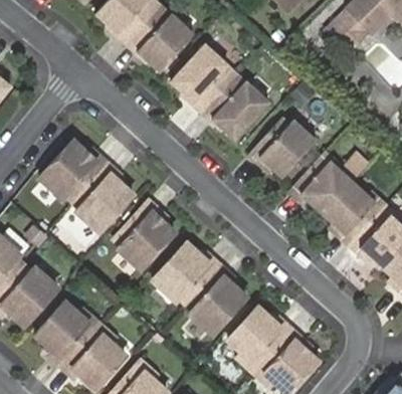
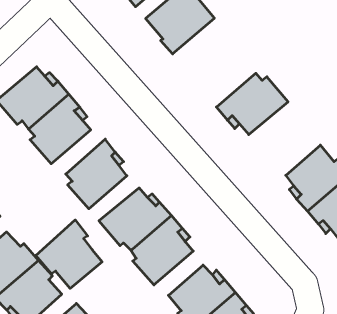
building: [202,72,269,139] -> none
building: [290,149,354,213] -> none
building: none -> [36,220,102,288]

